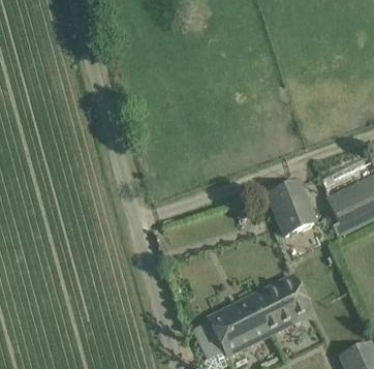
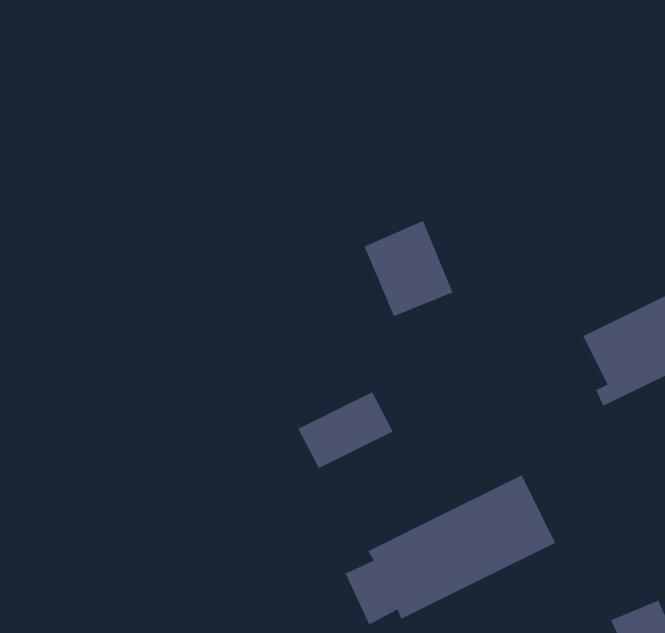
building: [269,180,318,234] -> [364,220,453,317]
building: none -> [297,391,394,469]

